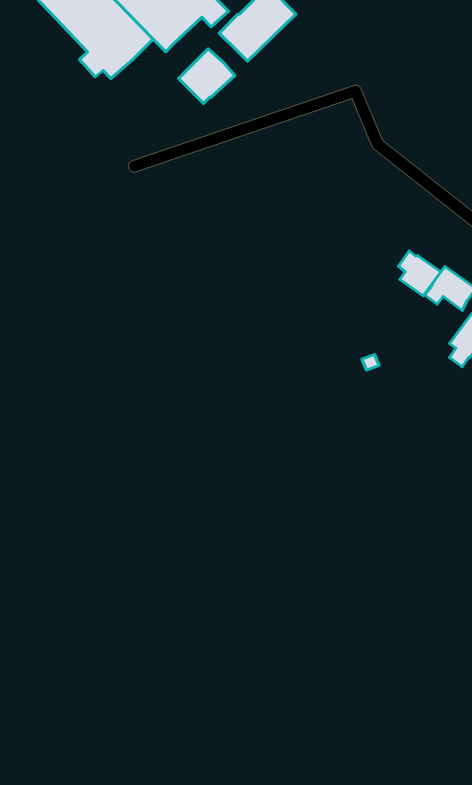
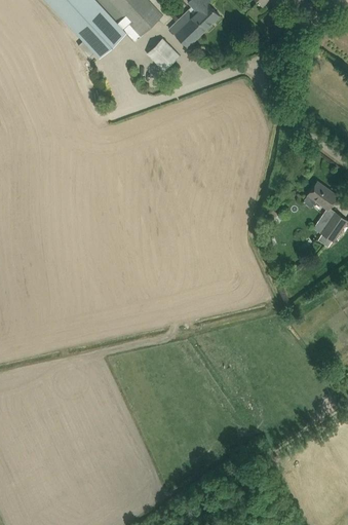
building: [398,251,441,296] -> none

